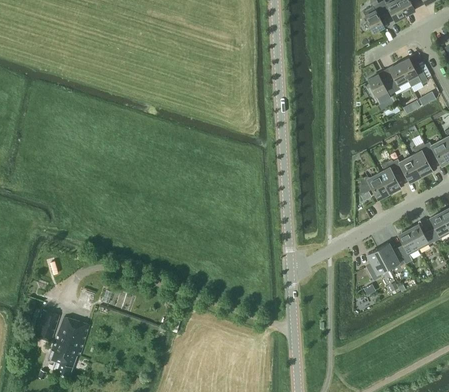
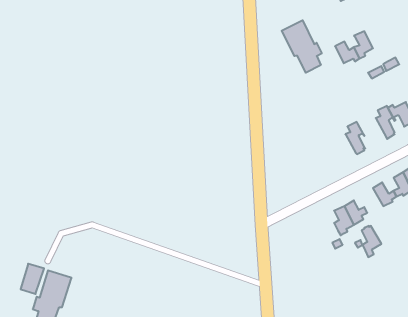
building: none -> [282,20,322,73]
building: [400,57,429,86] -> none
building: [393,155,423,181] -> none
building: [361,172,391,198] -> none
building: [399,229,420,262] -> [362,226,381,257]

